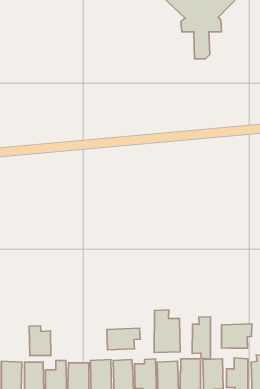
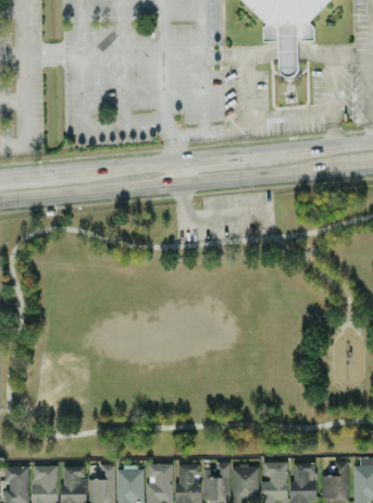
building: [154,310,180,353] -> none
building: [192,317,211,359] -> none
building: [221,324,252,348] -> none
building: [29,326,51,356] -> none
building: [107,328,140,350] -> none

